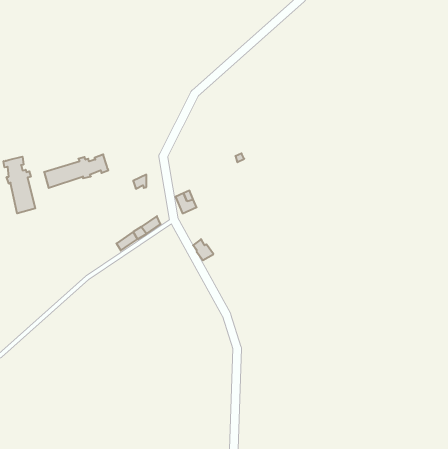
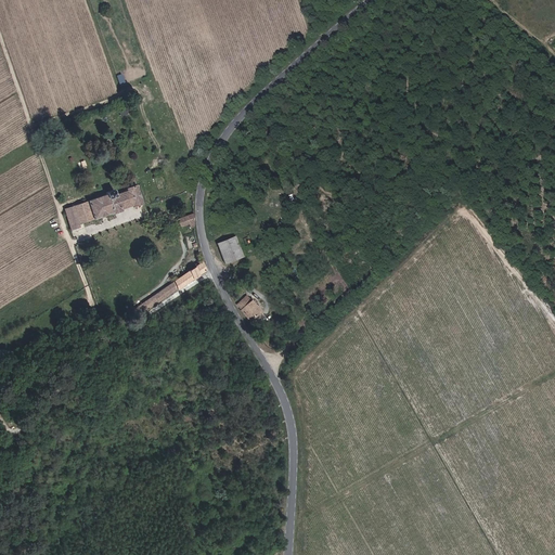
building: [4,157,35,213] -> none

